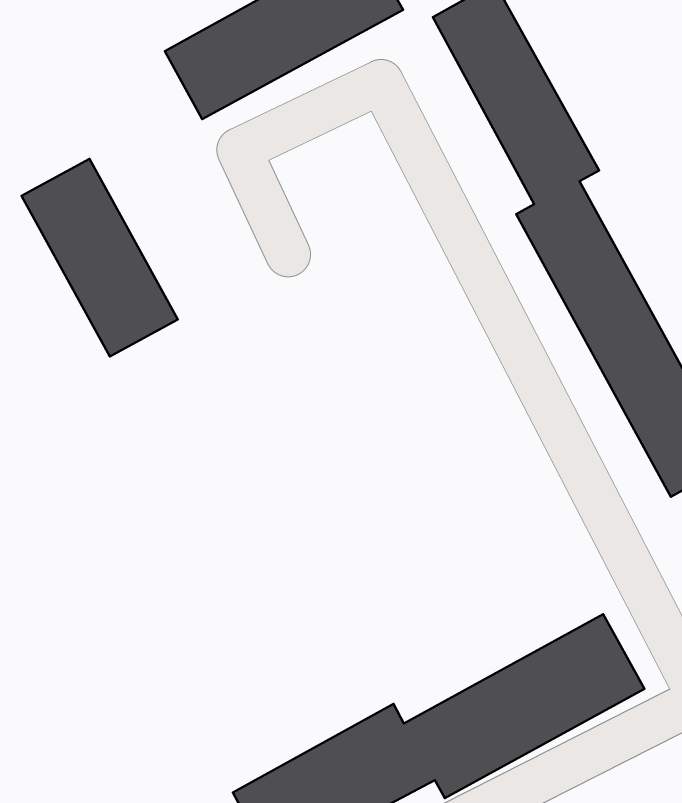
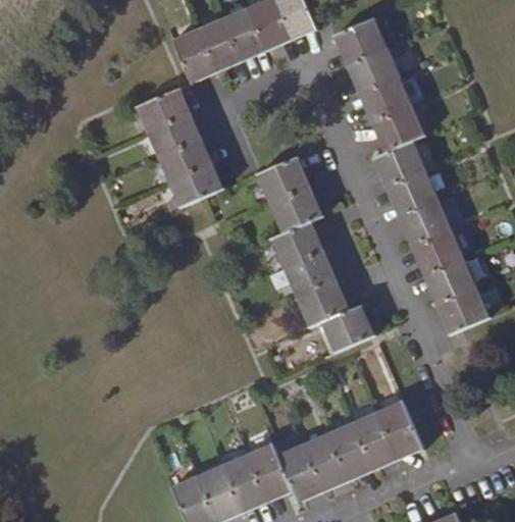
building: [21,159,178,357] -> [137,88,223,207]
building: none -> [257,156,374,352]

